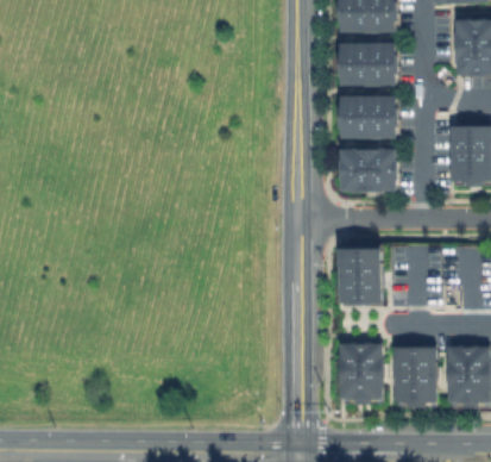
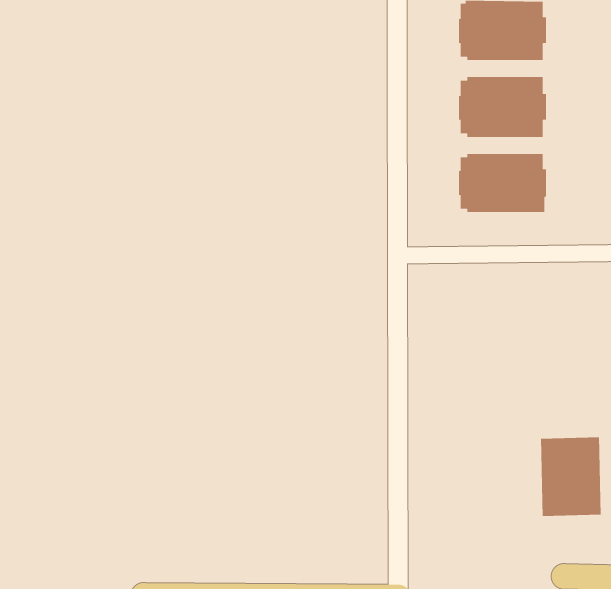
building: [340,248,383,304] -> none
building: [340,343,383,402] -> none

